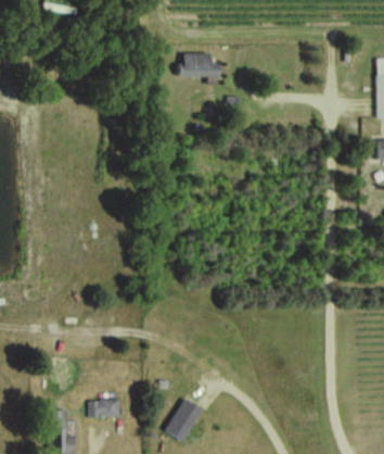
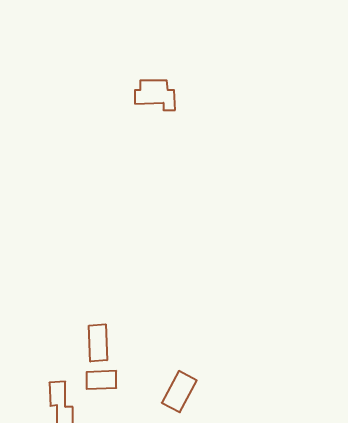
building: [178,53,219,84] -> [135,80,175,110]
building: none -> [89,324,107,362]

